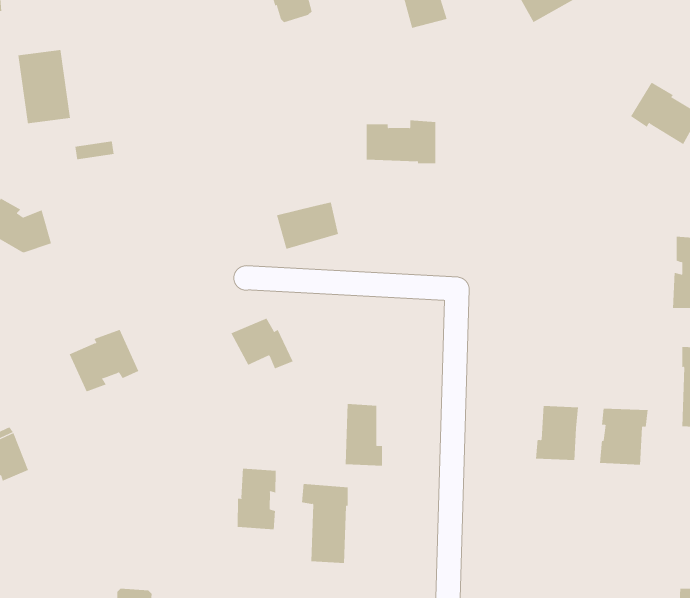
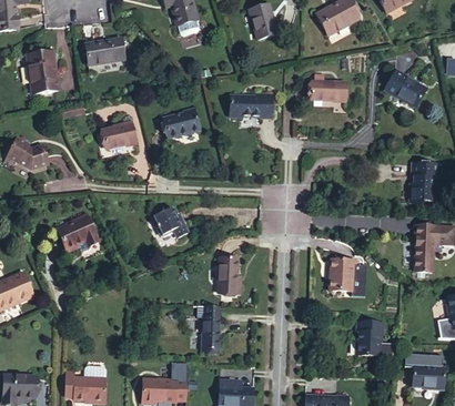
building: none -> [84,38,124,65]
building: none -> [310,81,345,100]
building: none -> [101,120,135,148]
building: [276,202,339,249] -> [162,110,199,138]
building: [599,408,649,465] -> [355,322,384,355]
building: [237,468,276,530] -> none

